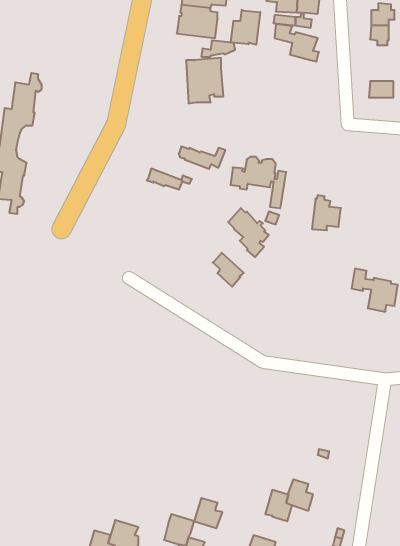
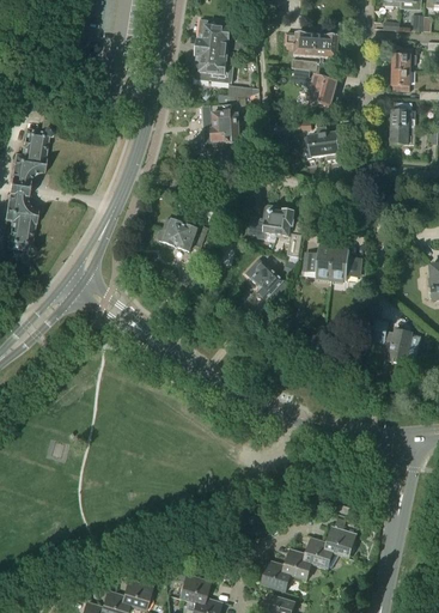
building: [231,10,260,45] -> none
building: none -> [391,102,415,127]
building: none -> [305,128,339,159]
building: [179,147,225,169] -> [158,229,206,251]
building: none -> [305,243,335,279]
building: [213,253,244,287] -> none
building: none -> [325,526,356,558]
building: [194,498,222,528] -> [262,559,291,590]

